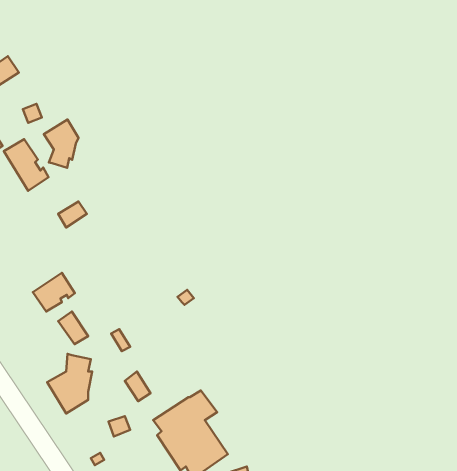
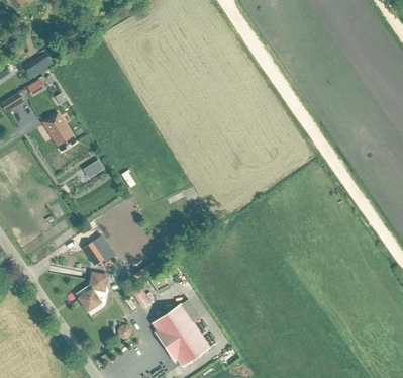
building: [44,120,78,168] -> none
building: [33,273,75,312] -> none

